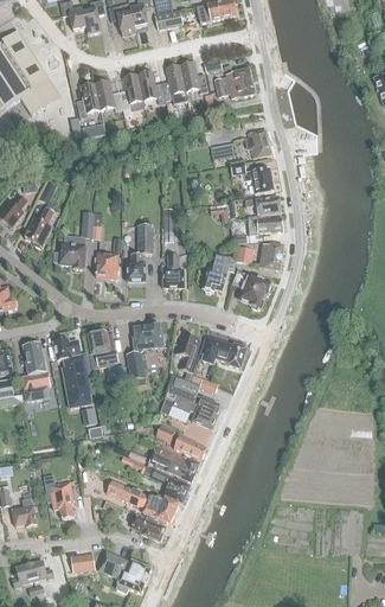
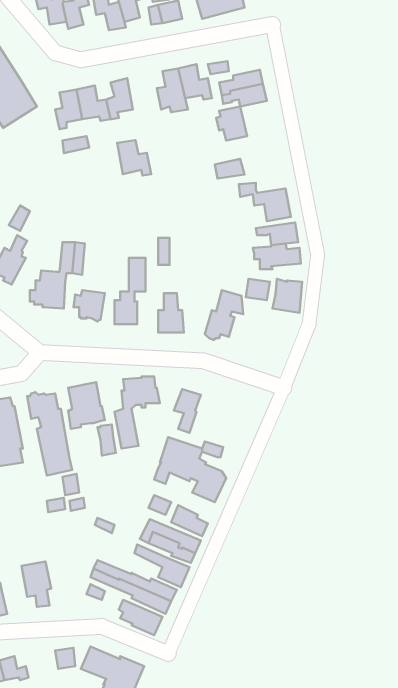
building: [137,71,166,101] -> [117,140,151,175]
building: [245,128,271,156] -> [216,107,247,140]
building: [235,270,274,311] -> none
building: [203,337,246,368] -> none

